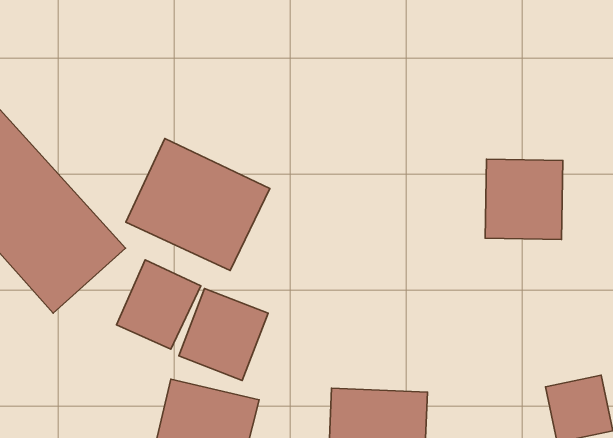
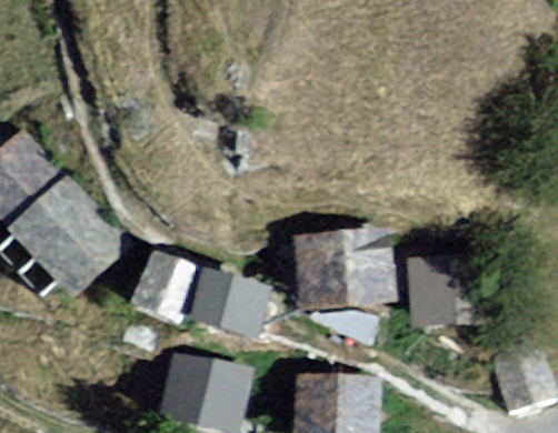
building: [126,138,270,270] -> none
building: [485,159,563,239] -> [412,259,479,328]
building: none -> [289,228,390,310]

